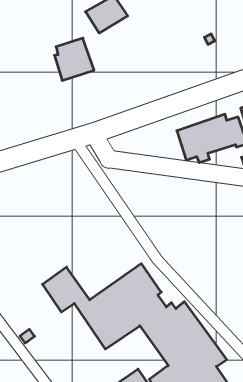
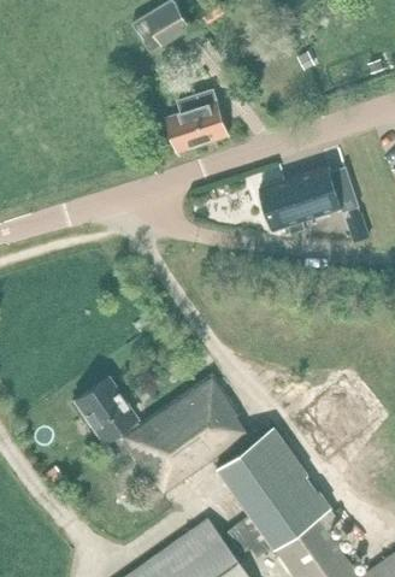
building: [54,38,94,80] -> [175,90,230,149]

